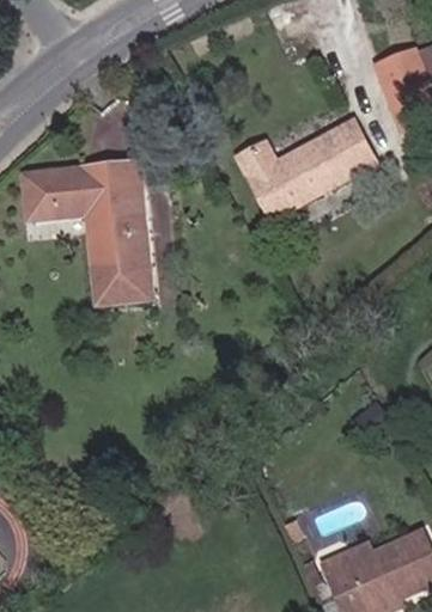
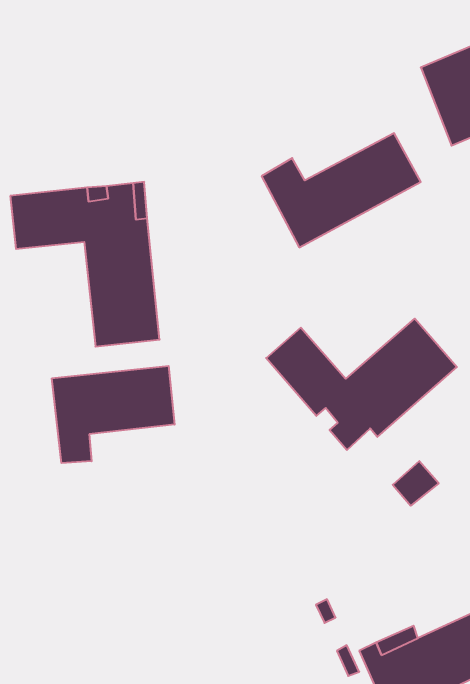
building: none -> [266,319,457,450]
building: none -> [52,366,175,463]

